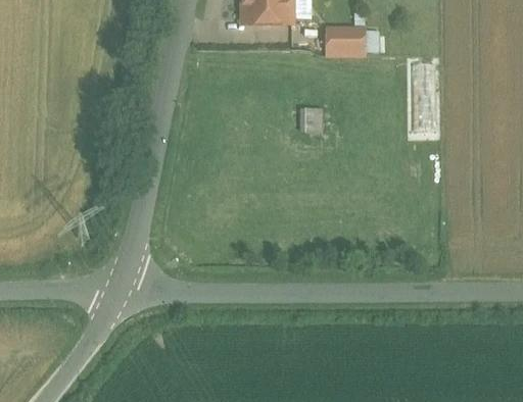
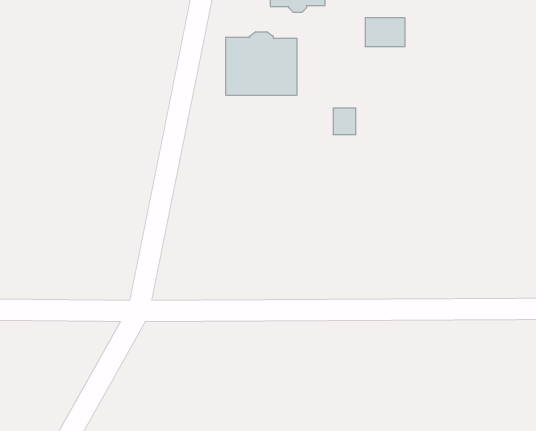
building: none -> [226,32,297,95]

